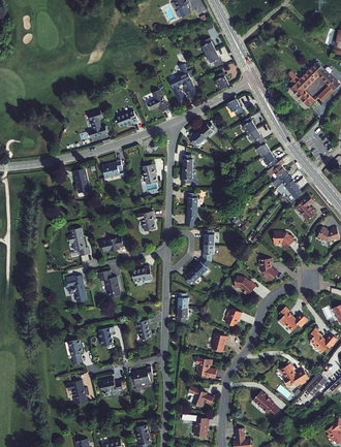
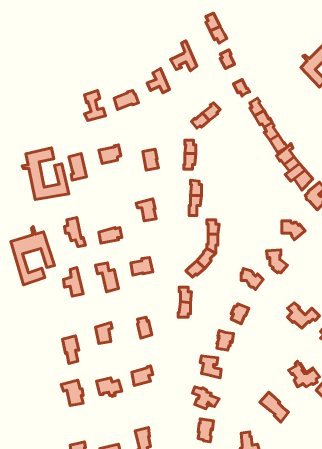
building: none -> [22,148,69,199]
building: none -> [11,227,55,285]

